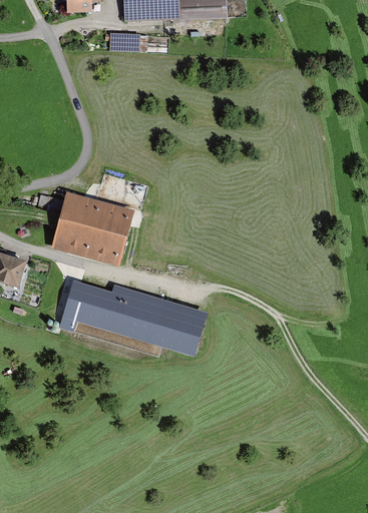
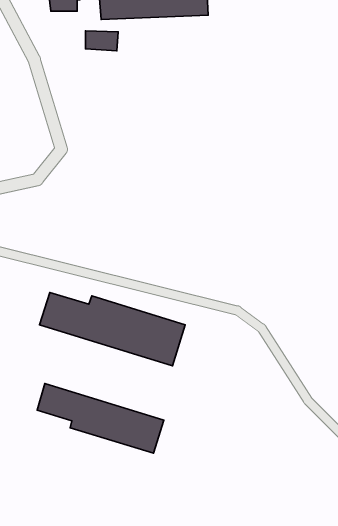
building: [56,190,140,263] -> none
building: none -> [37,384,164,453]

